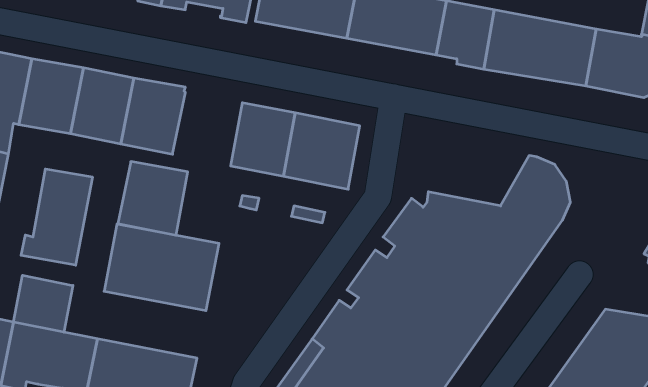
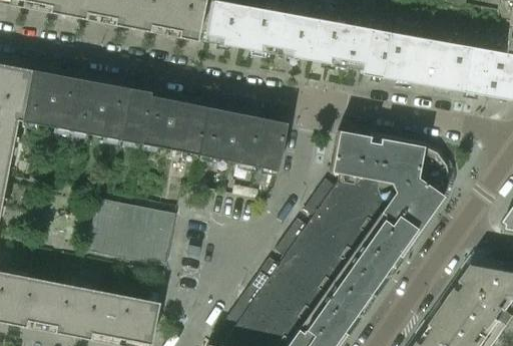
building: none -> [331,129,417,184]
building: [118,162,188,235] -> [140,95,194,152]
building: [21,169,92,265] -> none
building: [14,275,73,332] -> none

